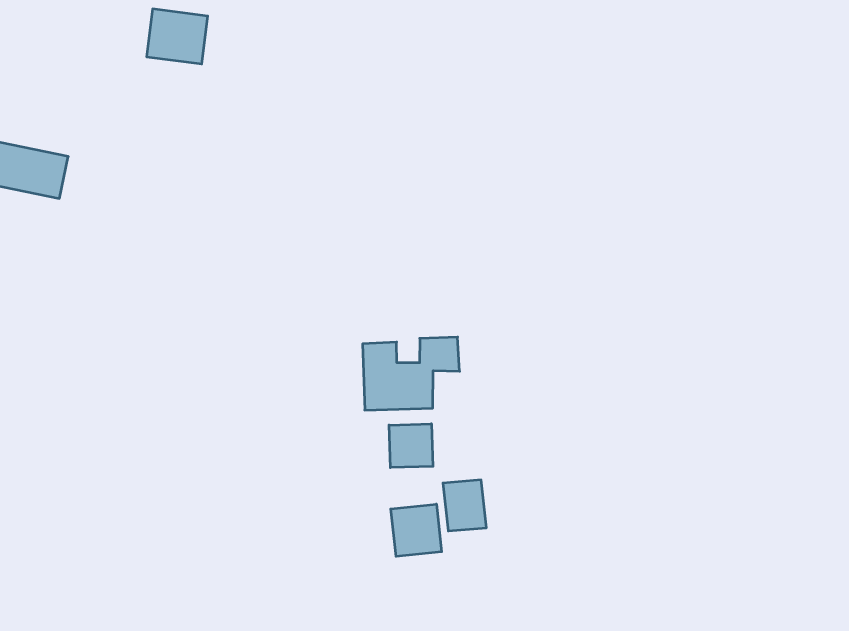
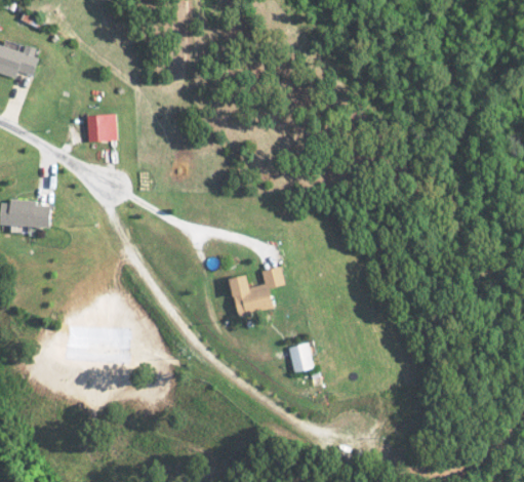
building: [389,424,433,468] -> none
building: [391,504,442,556] -> none

